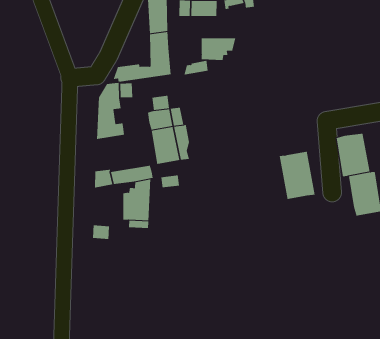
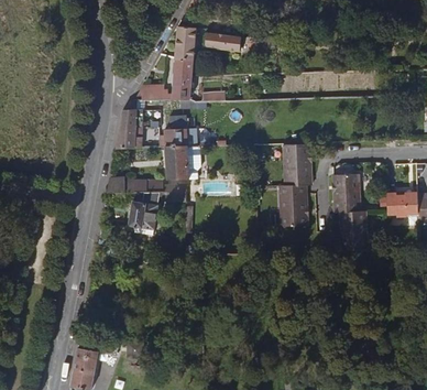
building: [201,38,236,61] -> none
building: none -> [282,143,310,185]

